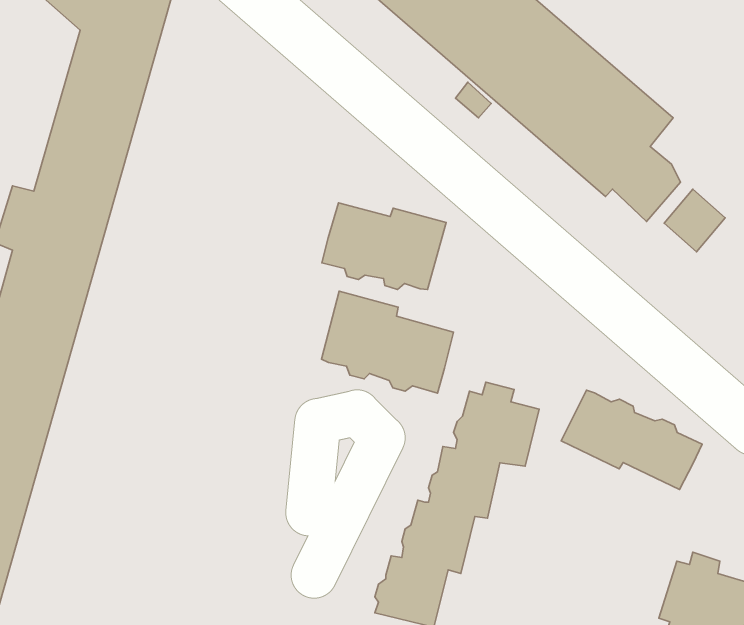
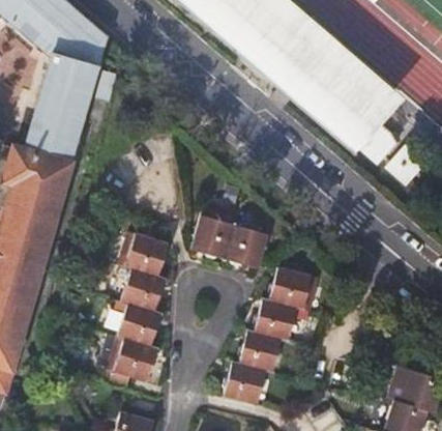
building: [322,203,446,289] -> none
building: none -> [108,227,169,383]
building: [561,390,702,490] -> none

